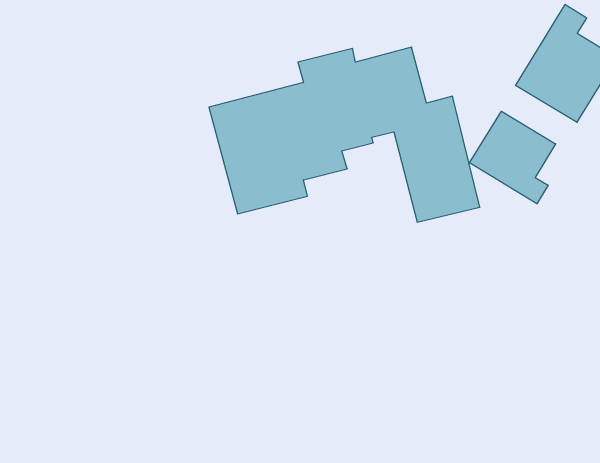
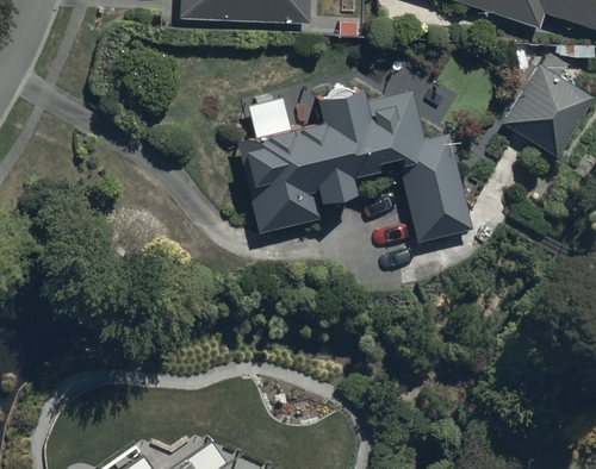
building: [470,111,556,204] -> none

